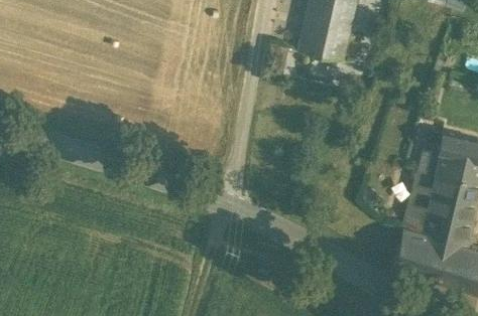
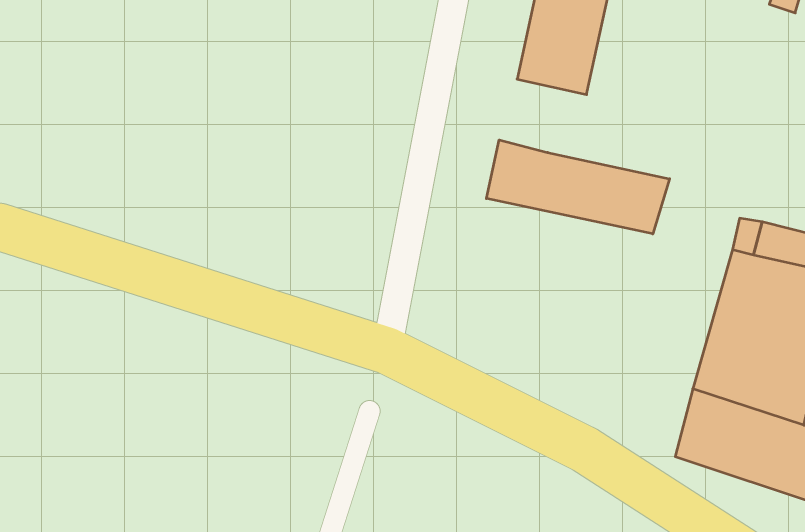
building: none -> [486,140,670,234]

